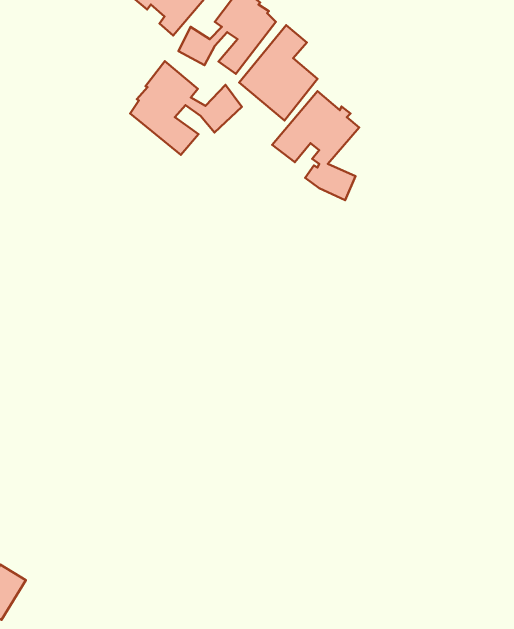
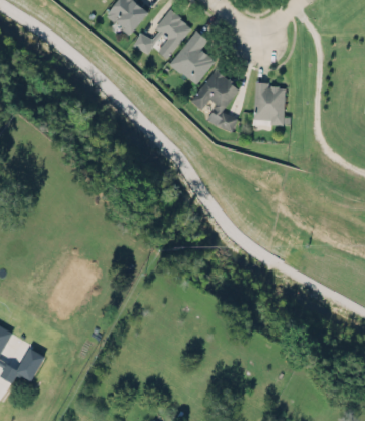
building: [130,61,242,155] -> none
building: none -> [254,83,290,126]

